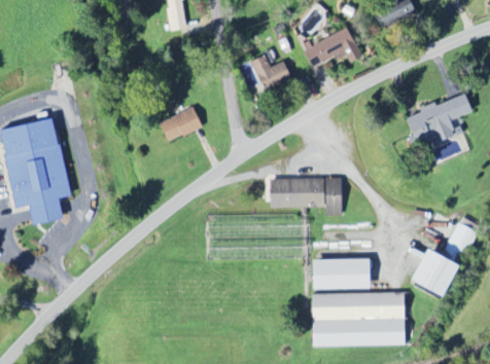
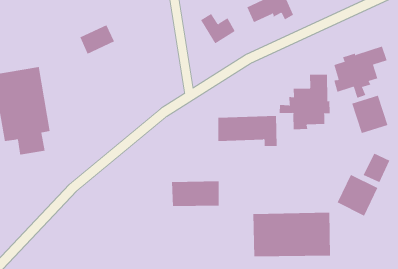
building: [160,106,202,142] -> [79,24,115,54]
building: none -> [279,74,330,130]
building: none -> [351,95,388,134]
building: [314,258,372,289] -> [171,181,219,207]

